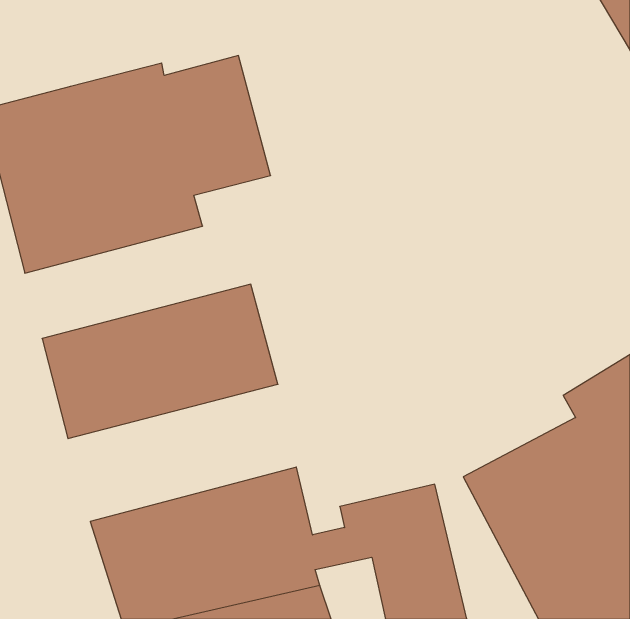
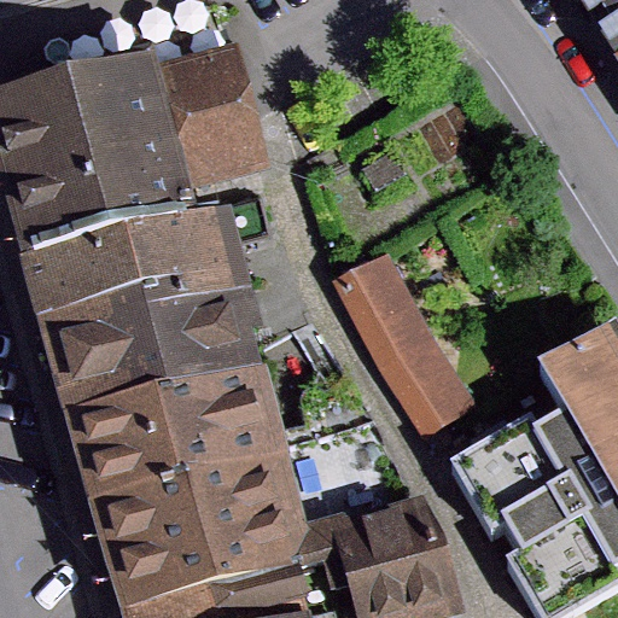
building: none -> [24,214,245,331]
building: none -> [340,258,483,436]
building: none -> [66,375,290,509]

